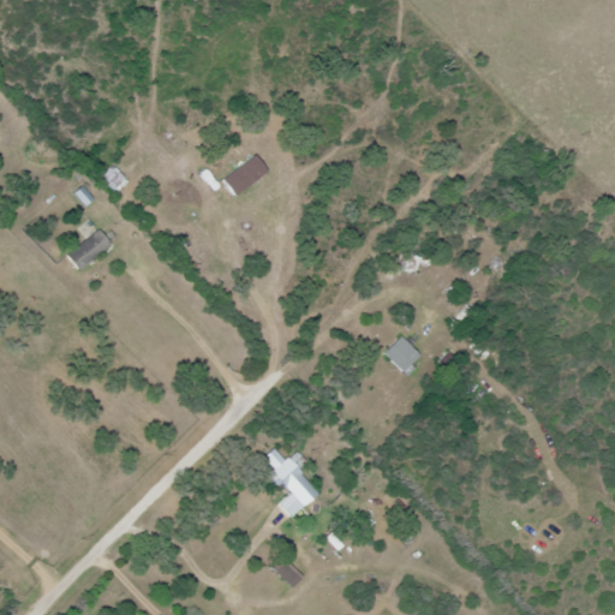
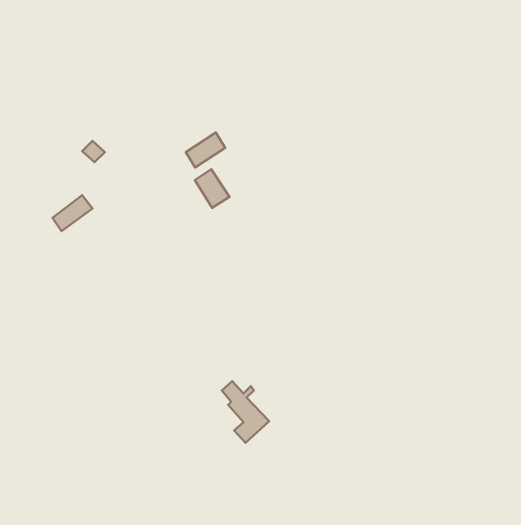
building: none -> [195,169,229,208]
building: [383,335,424,376] -> none

